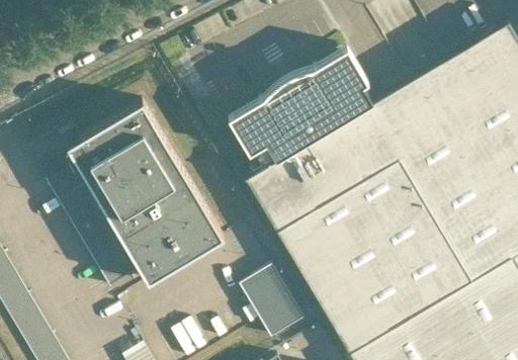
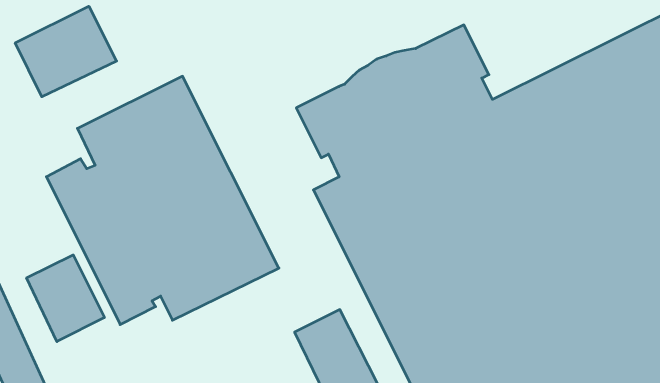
building: none -> [15,6,117,97]
building: none -> [27,255,104,342]

